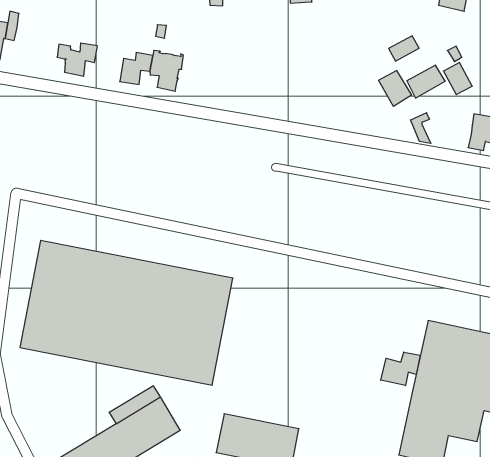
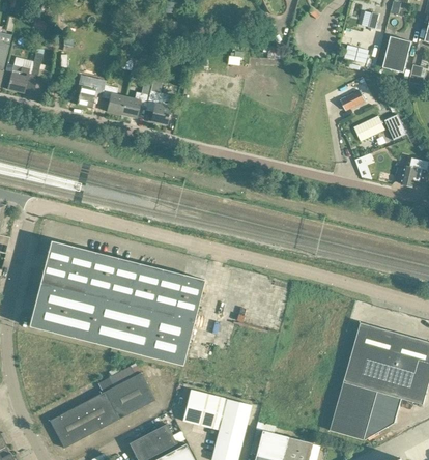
building: none -> [102,85,125,115]
building: [379,71,411,106] -> none
building: [381,352,420,386] -> none

